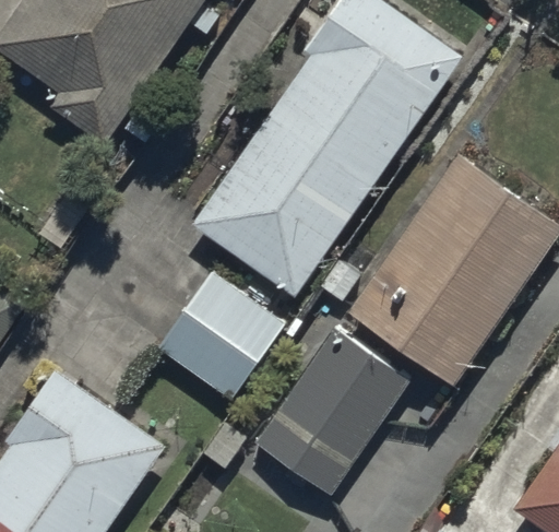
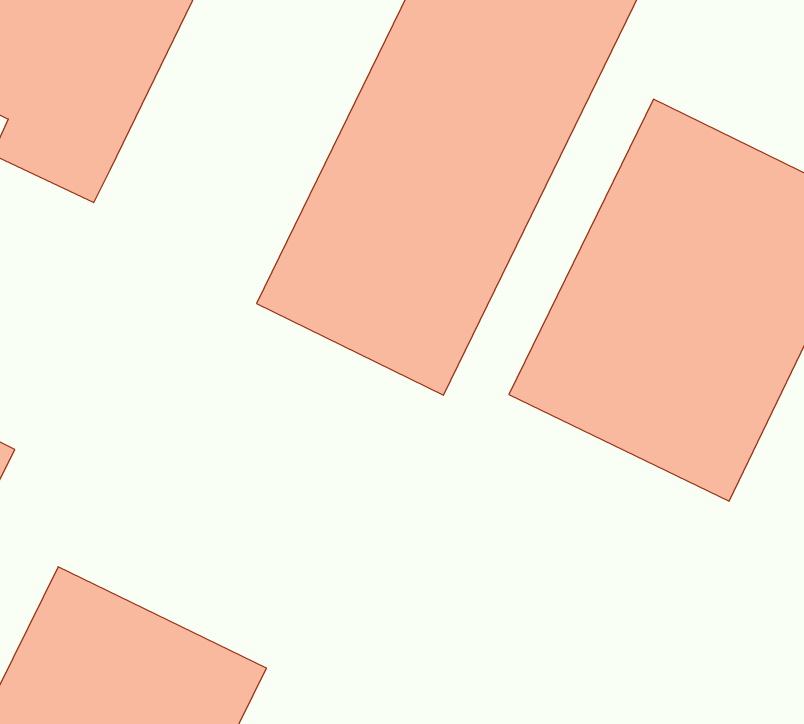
building: [150,260,284,395] -> none
building: [246,323,406,493] -> none

